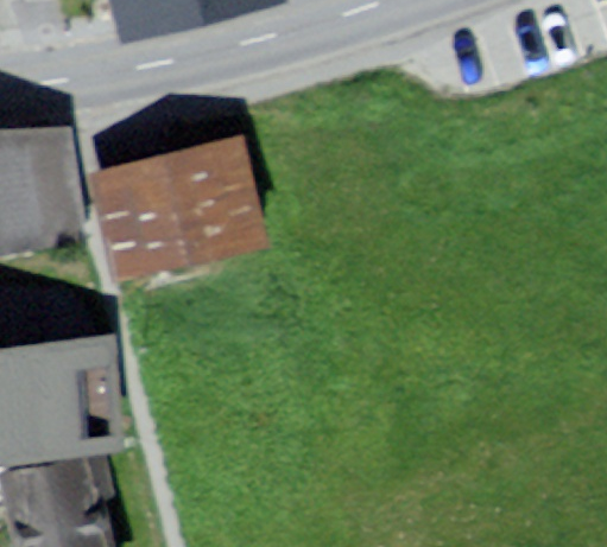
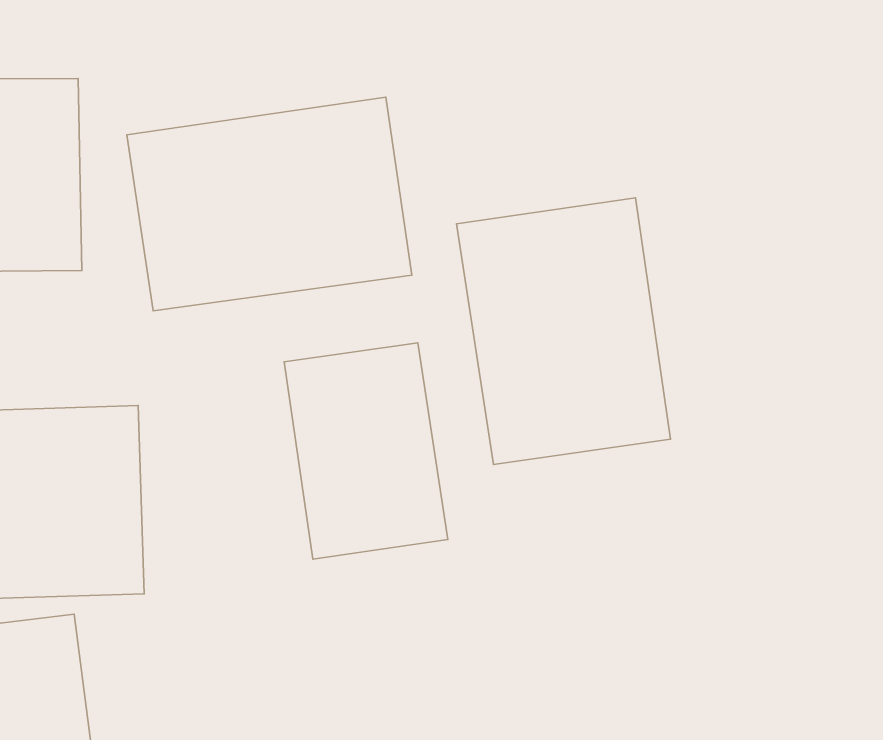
building: none -> [456,198,671,465]
building: none -> [284,343,448,559]

